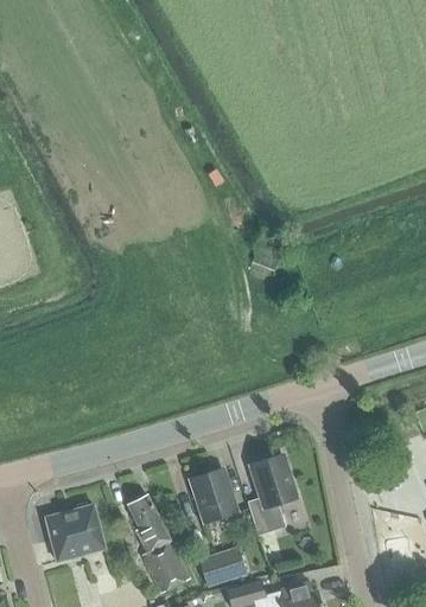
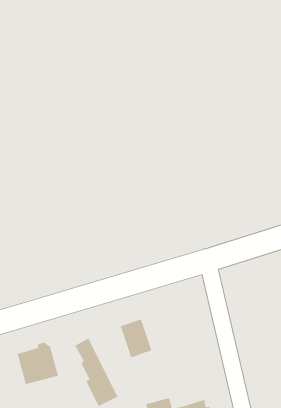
building: [247,454,295,536] -> none
building: [198,545,246,586] -> none

